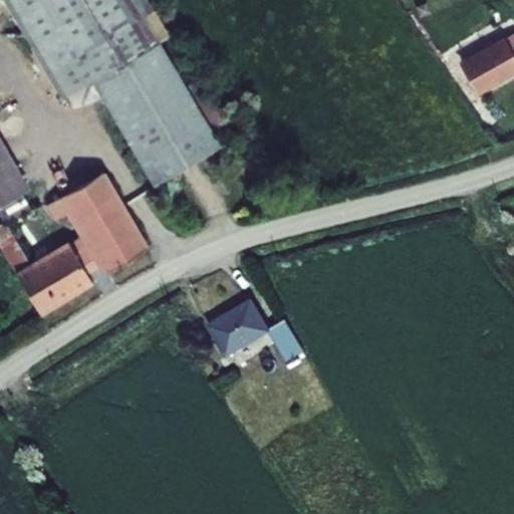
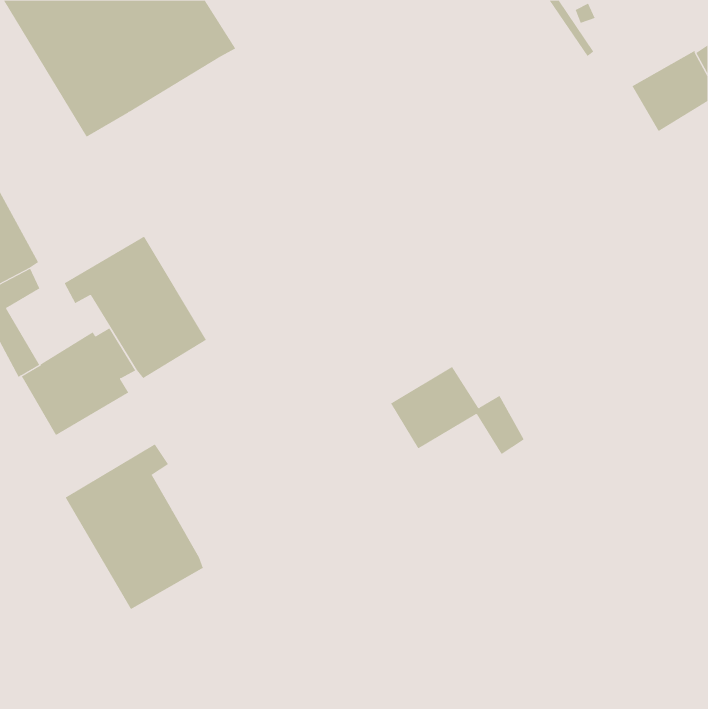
building: [93,41,222,186] -> none
building: [207,298,304,362] -> [390,366,525,455]
building: none -> [65,443,204,610]

